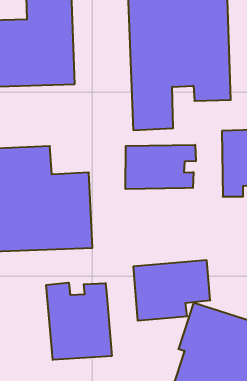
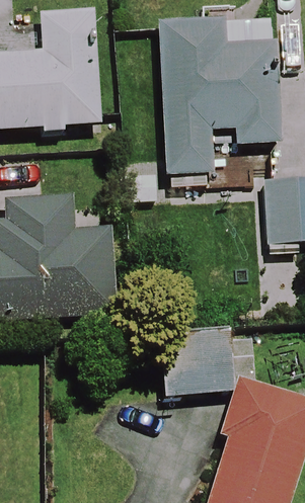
building: [126,145,196,189] -> none
building: [46,283,112,360] -> none

